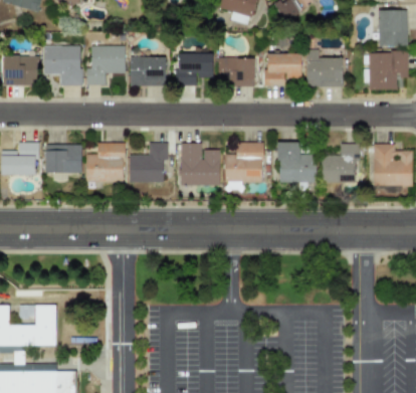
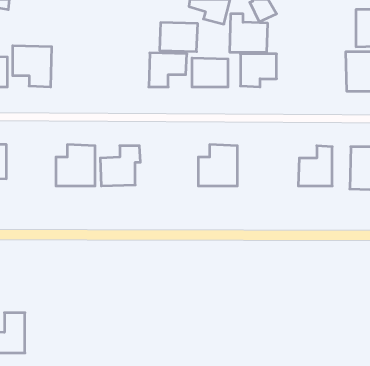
building: [85,45,125,85] -> none
building: [305,49,343,86] -> [230,14,268,52]
building: [129,56,166,84] -> [160,23,198,52]
building: [277,142,316,182] -> none
building: [180,143,220,185] -> none
building: [44,144,81,173] -> none

